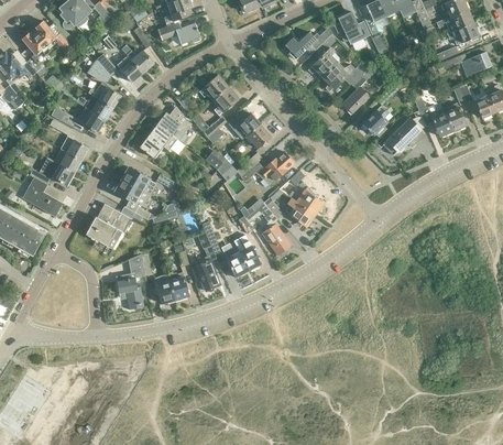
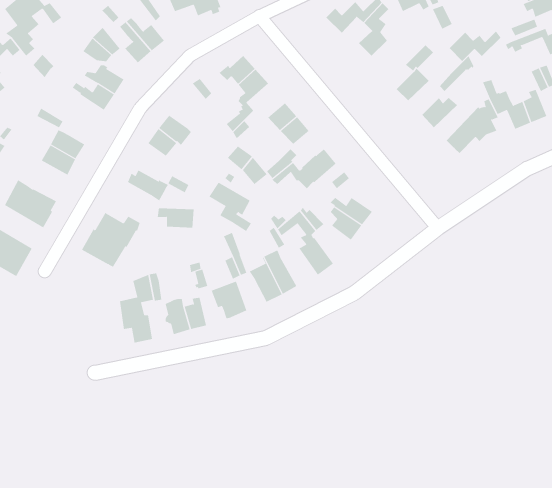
building: [321,63,364,88] -> [449,31,501,62]
building: [59,108,103,133] -> none
building: [156,112,190,141] -> none
building: [29,159,74,186] -> none
building: [114,180,150,220] -> [209,182,252,232]

